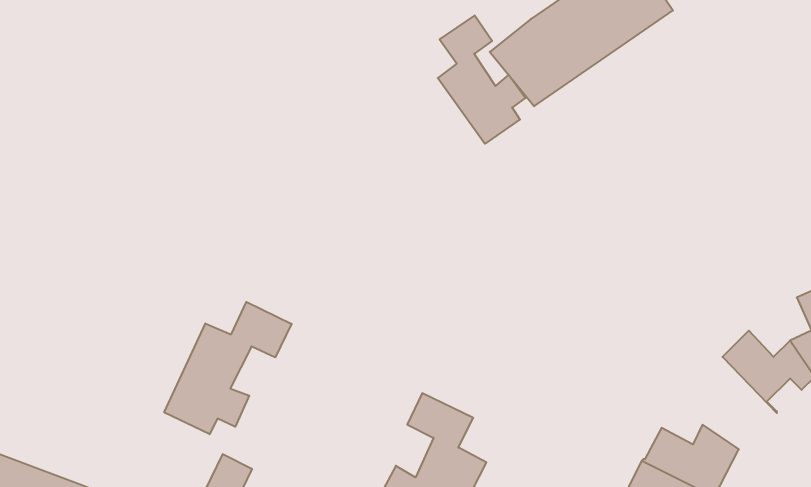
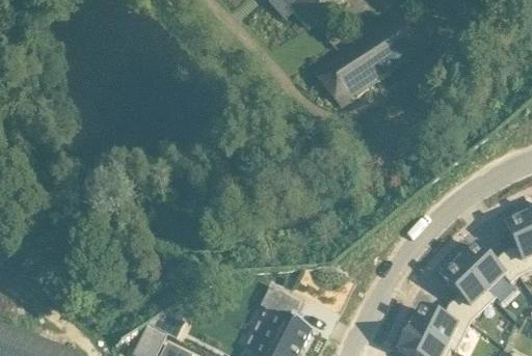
building: [438,15,526,144] -> none
building: [164,302,292,434] -> none
building: none -> [442,262,494,320]

